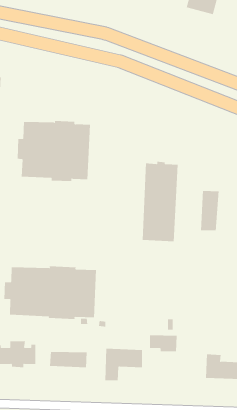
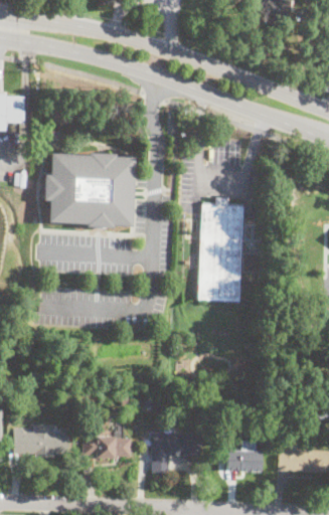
building: [200,190,219,231] -> none
building: [4,265,96,320] -> none
building: [149,335,178,352] -> [225,451,261,472]

